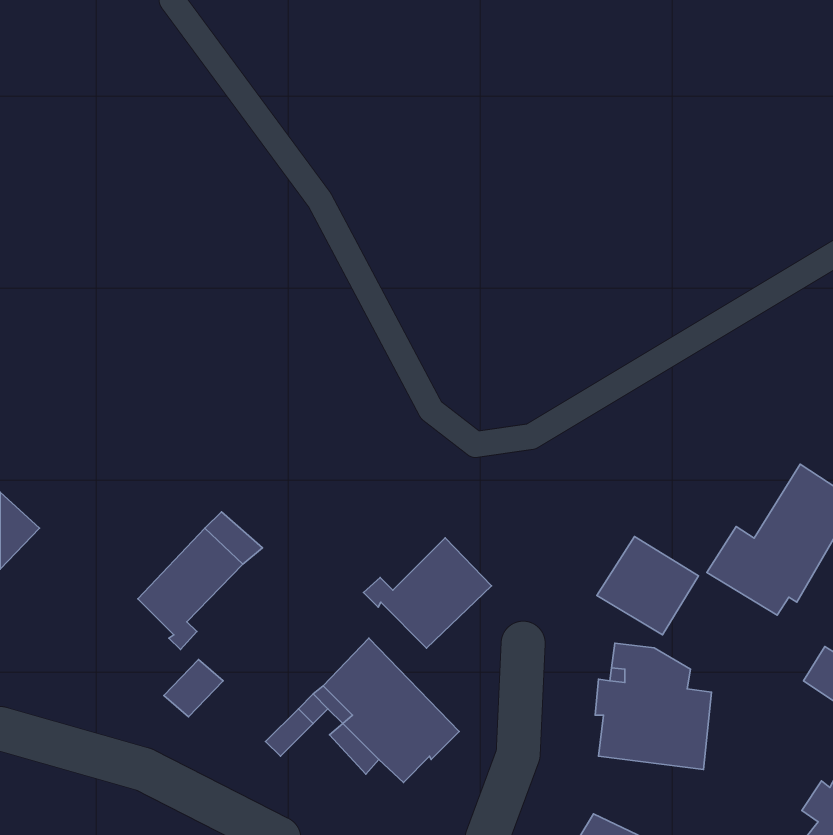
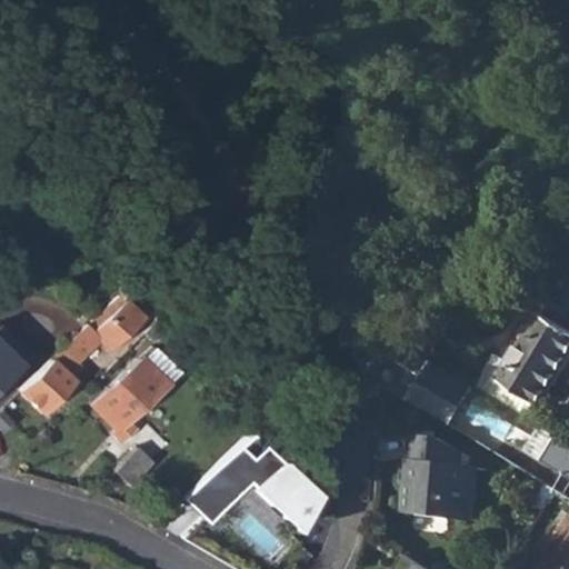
building: none -> [23,296,143,416]
building: [364,538,491,648] -> none

